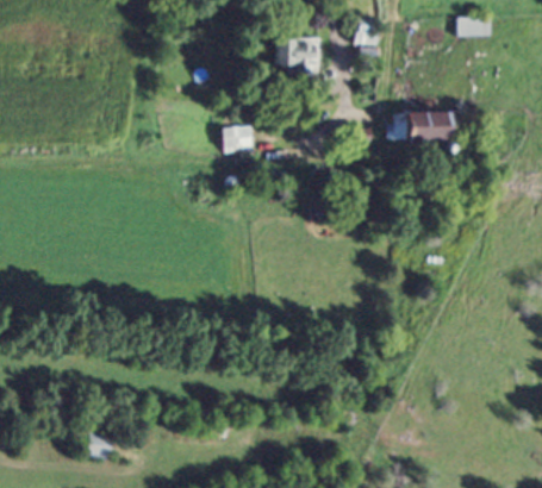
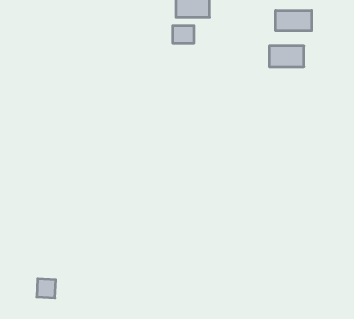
building: none -> [276,10,312,31]
building: [223,126,253,150] -> [173,26,194,43]

